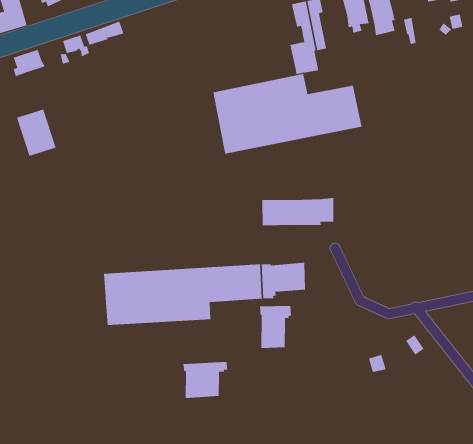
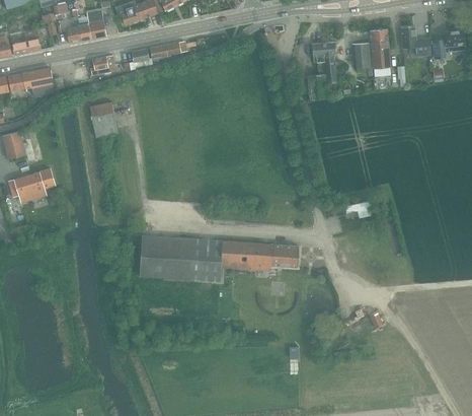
building: [213,73,362,154] -> none
building: [262,197,334,226] -> none
building: [259,305,291,349] -> none
building: [183,361,228,399] -> none

